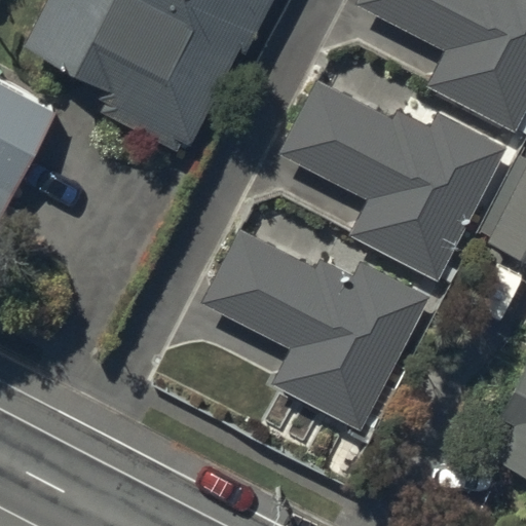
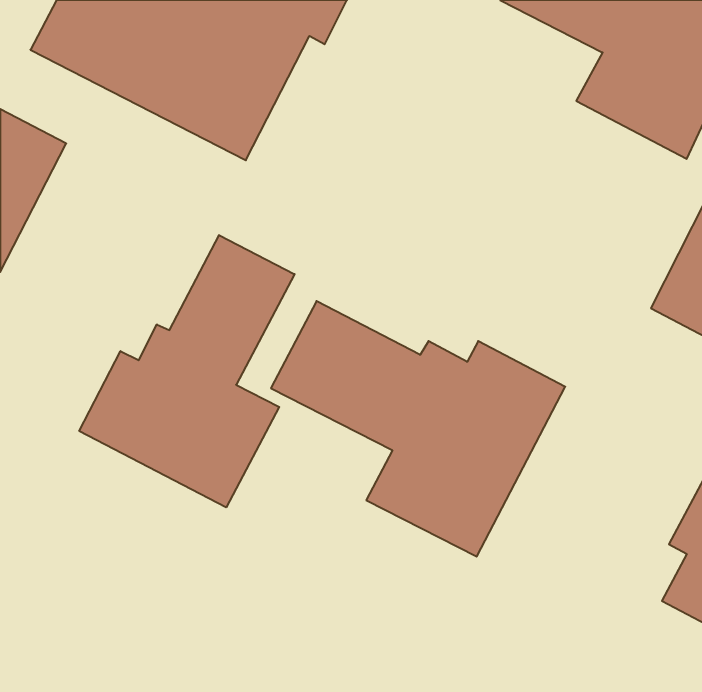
building: [284,84,502,275] -> none
building: none -> [79,235,295,507]

